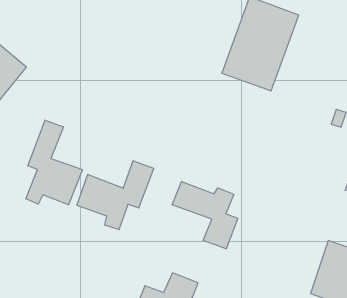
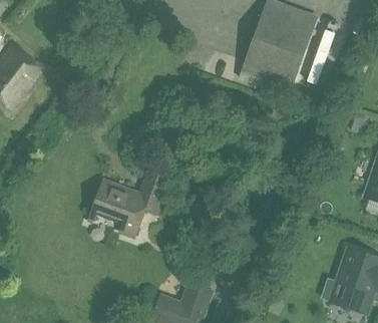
building: [26,120,82,205] -> none
building: [172,181,238,249] -> none

